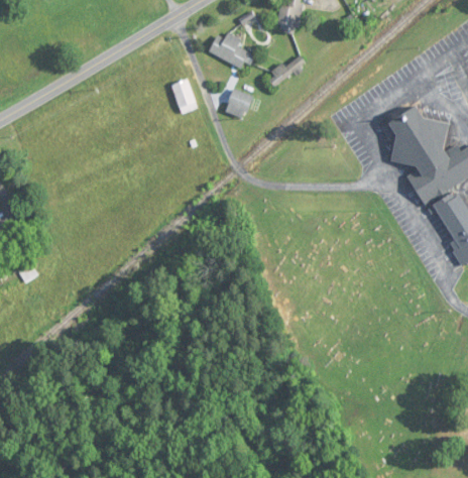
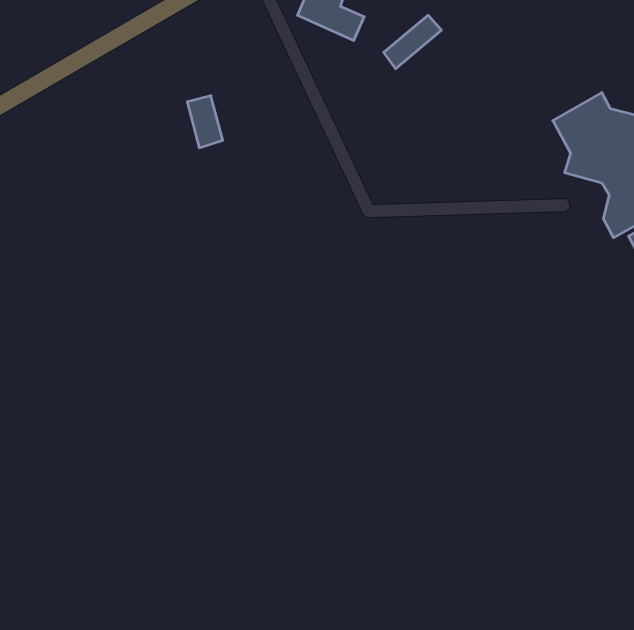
building: [171,79,196,114] -> [187,96,223,148]
building: [223,87,253,119] -> none

